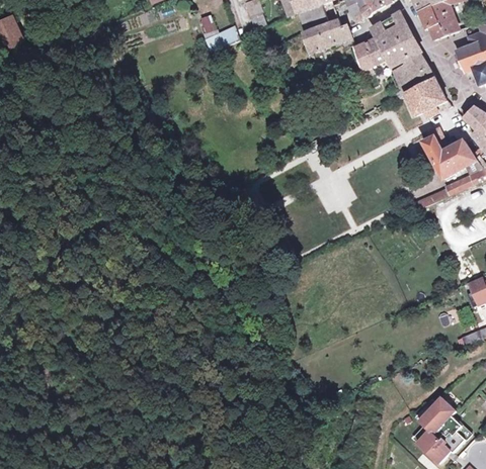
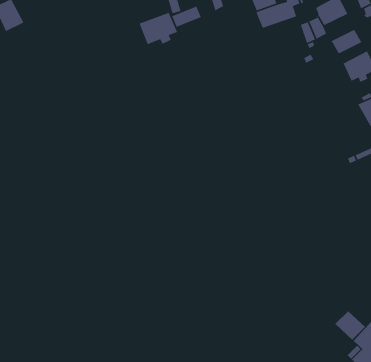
building: none -> [138,12,178,45]
building: [383,34,421,66] -> none
building: none -> [334,310,366,340]

